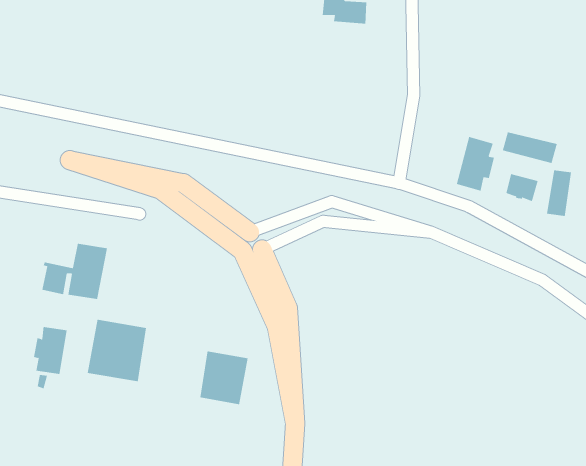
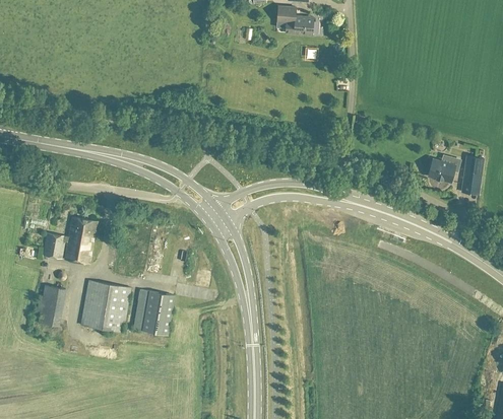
building: [502,132,558,164] -> none
building: [456,136,494,192] -> none
building: [200,351,248,405] -> [133,289,174,334]

